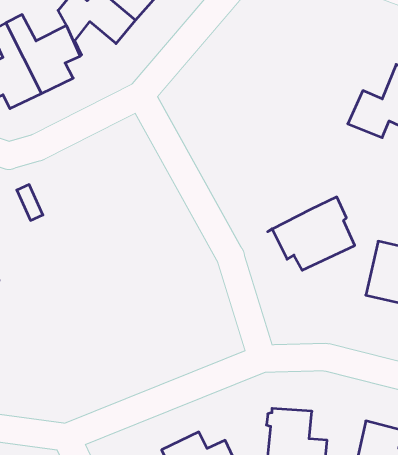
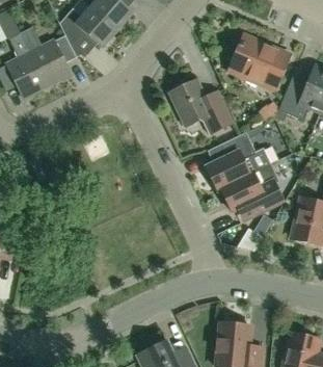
building: none -> [228,34,290,88]
building: none -> [170,79,234,133]
building: none -> [206,131,255,189]

